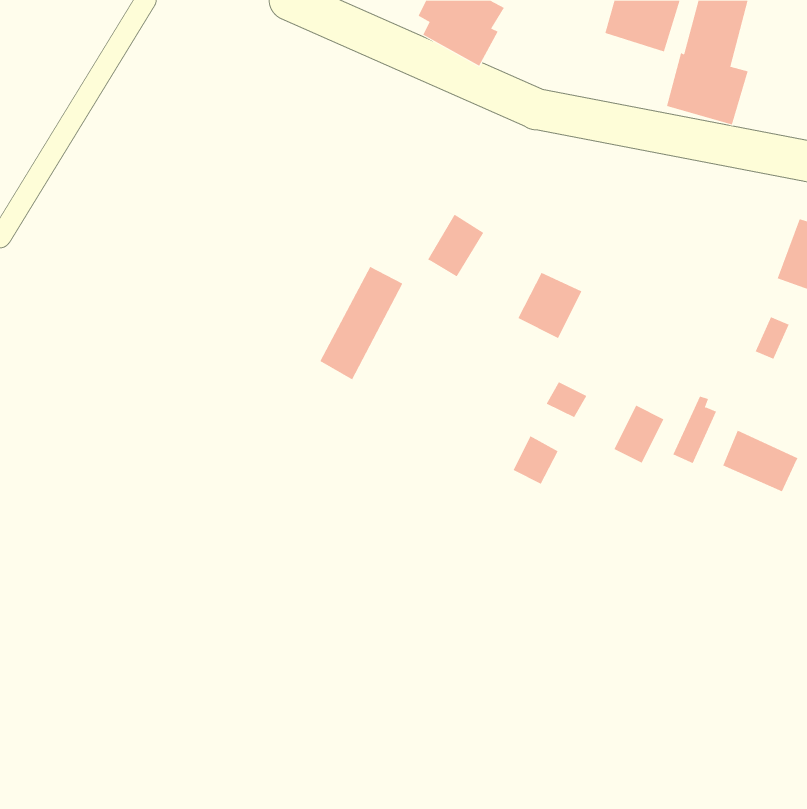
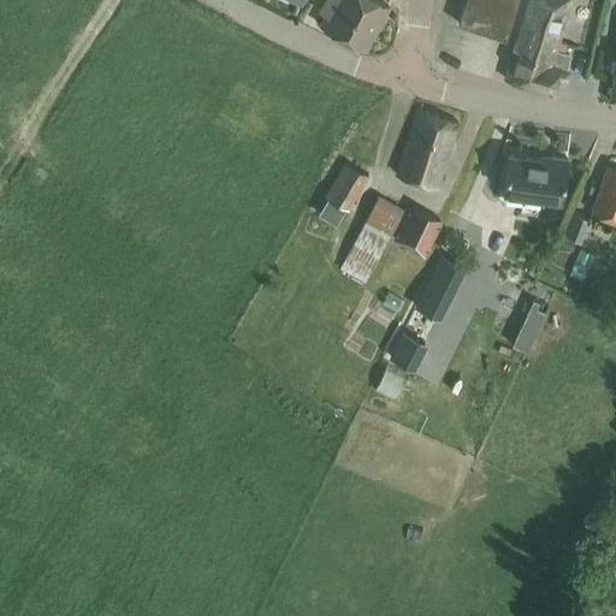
building: none -> [398,111,460,189]
building: none -> [504,154,569,200]
building: [319,266,403,380] -> [340,197,404,284]
building: [614,405,664,463] -> [426,256,464,301]
building: [723,430,798,492] -> none

